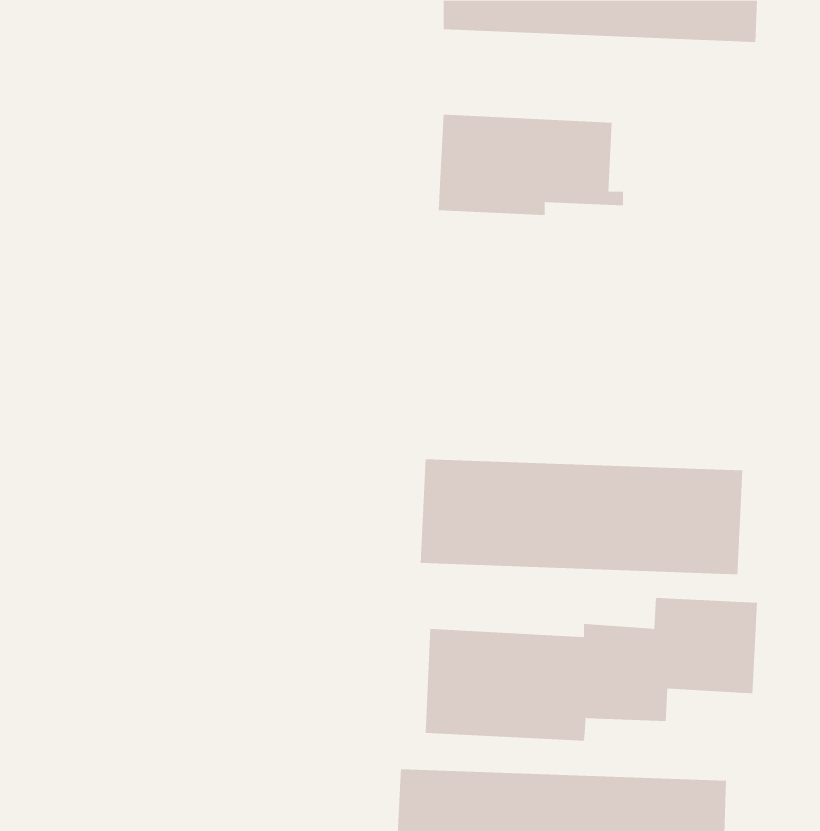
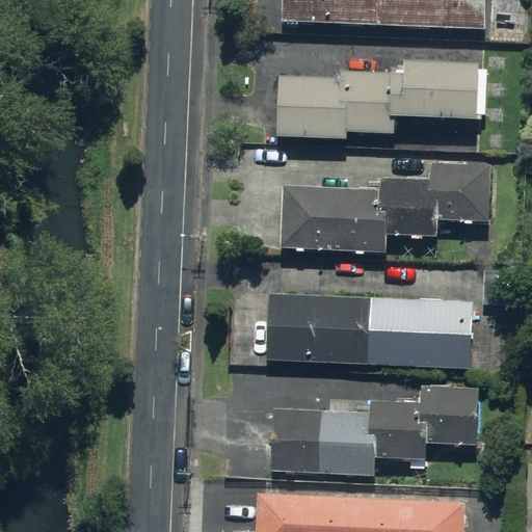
building: none -> [388,63,480,124]
building: none -> [282,160,487,251]

